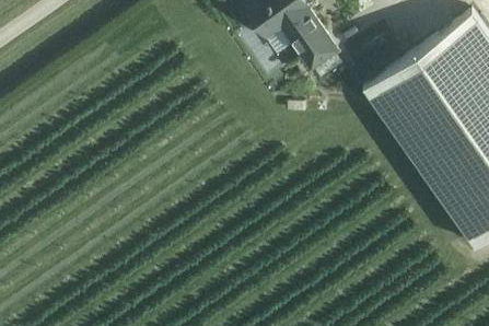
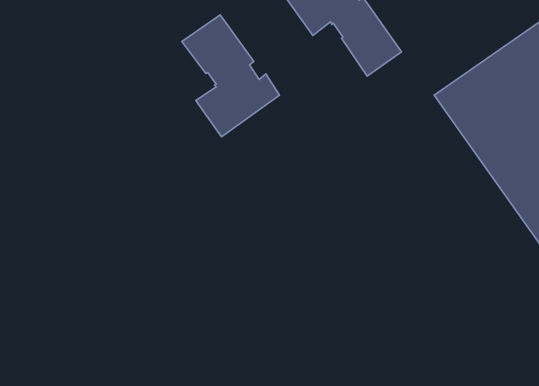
building: none -> [182,15,280,137]

